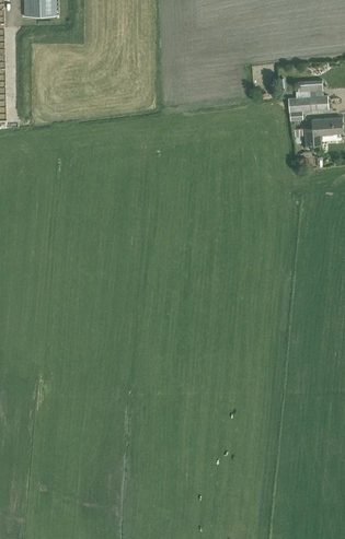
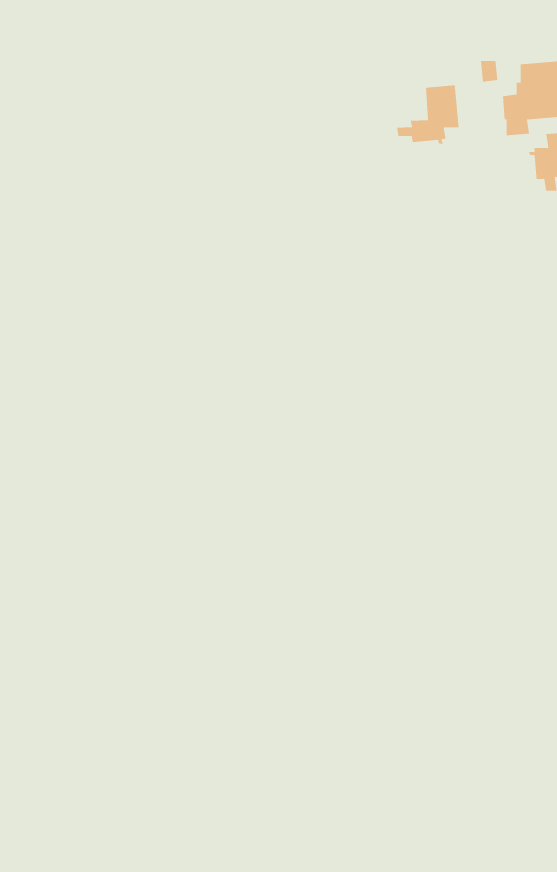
building: none -> [396,84,459,145]

